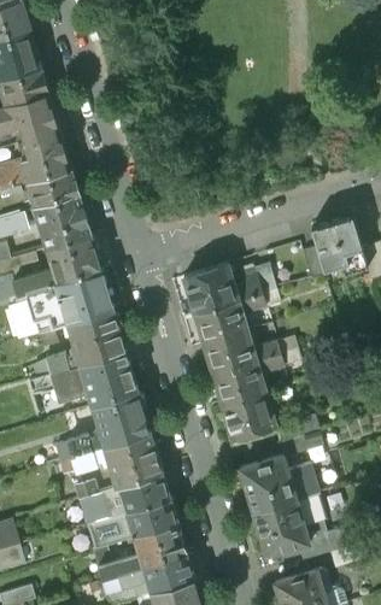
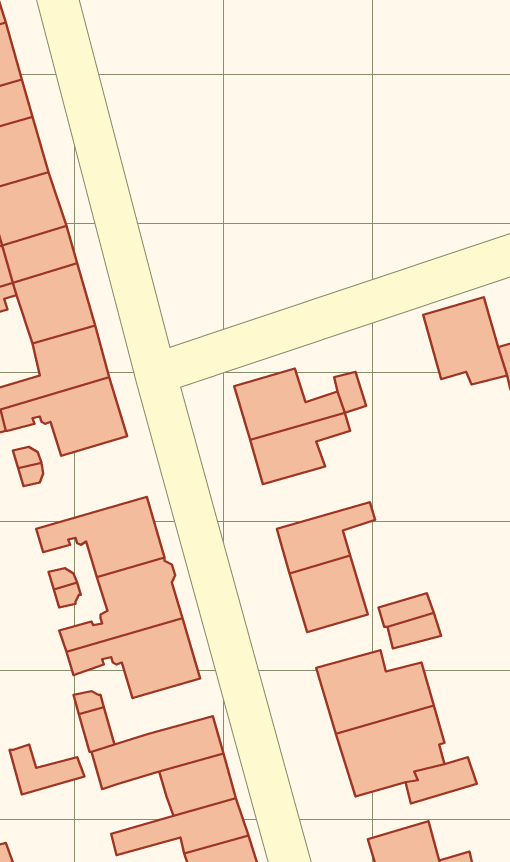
building: [45,311,124,374] -> none
building: [203,331,275,374] -> none
building: [118,475,169,512] -> none
building: [92,546,142,580] -> [9,745,84,794]

